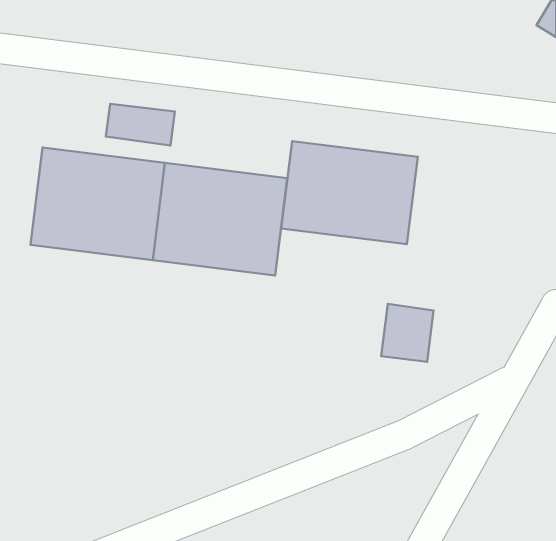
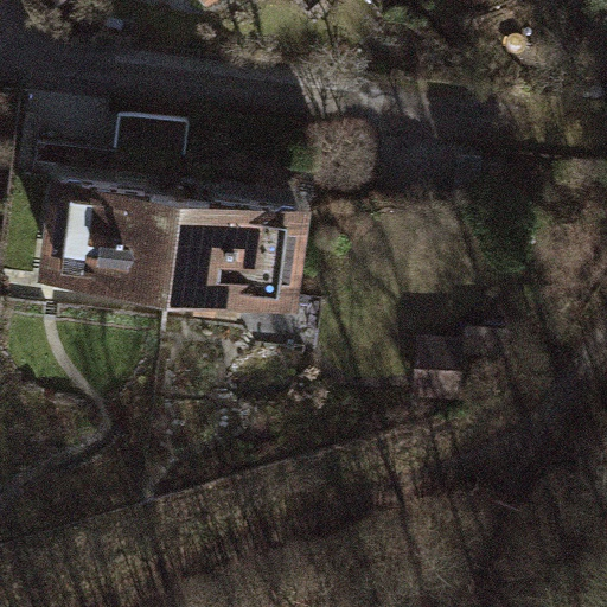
building: [281,141,418,244] -> none

